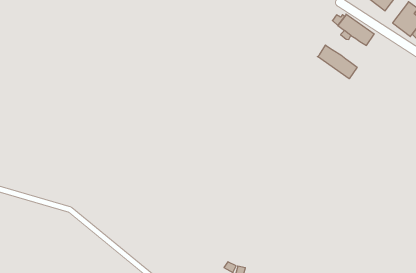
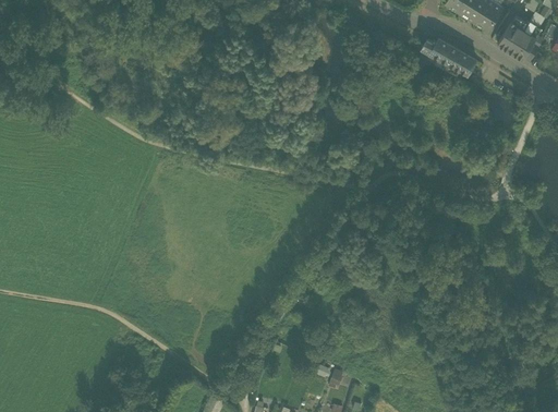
building: [317,45,357,79] -> none

